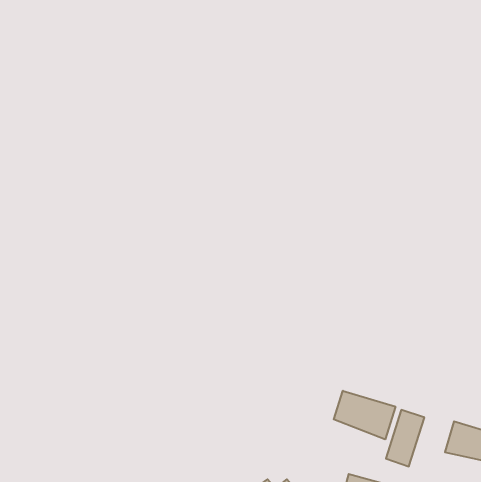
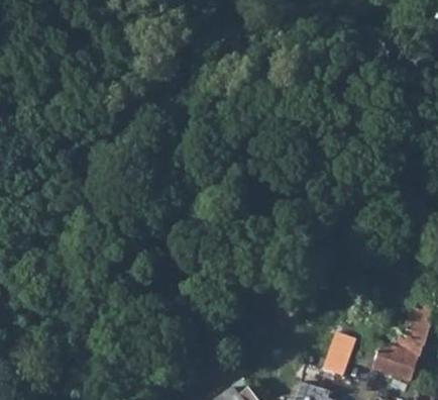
building: [334,391,395,439] -> none

